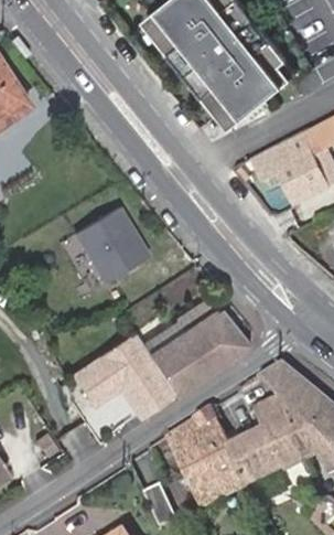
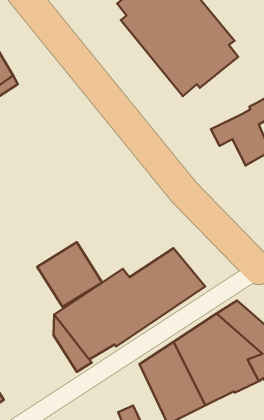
building: [74,207,150,283] -> [37,242,102,307]

